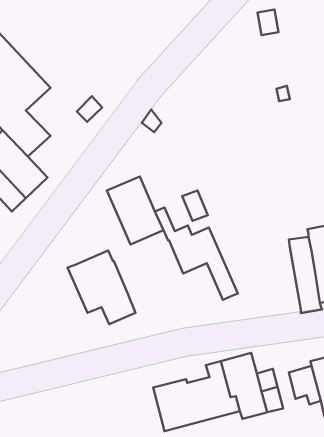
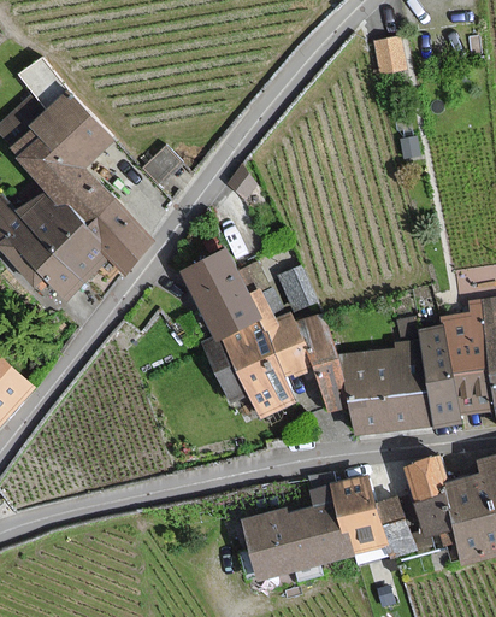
building: none -> [83,200,152,269]
building: none -> [346,342,432,435]
building: [68,251,135,324] -> [205,321,291,415]
building: none -> [407,459,445,503]

